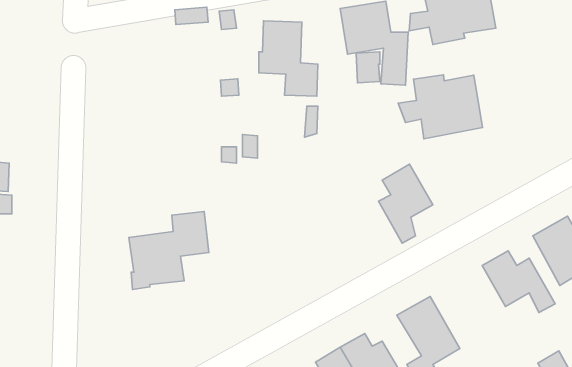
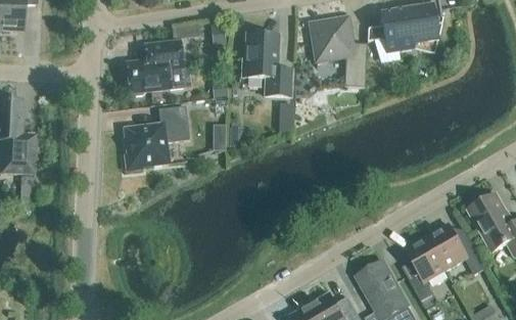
building: none -> [126,40,187,94]
building: [398,75,483,139] -> none
building: [379,164,433,243] -> [402,235,447,301]
building: [129,212,209,289] -> [123,105,189,170]

